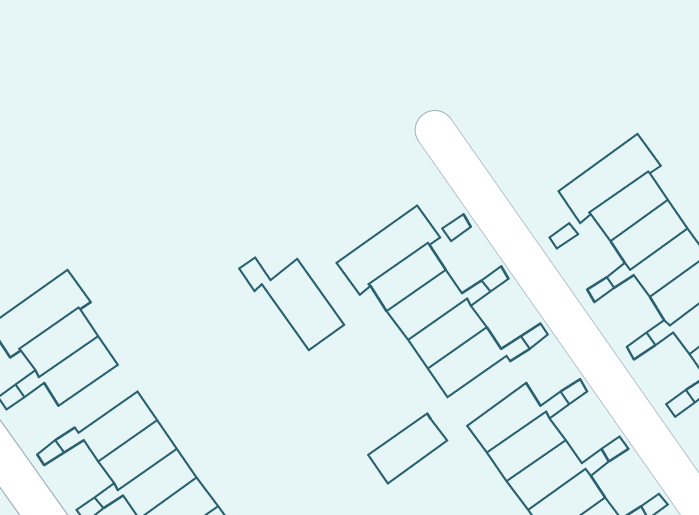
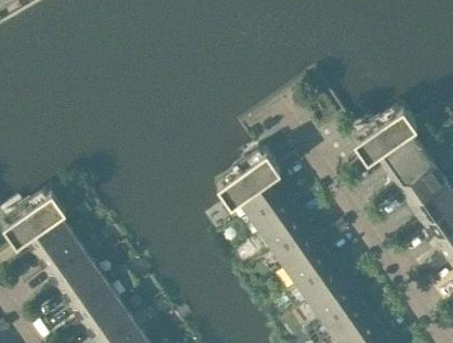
building: [239,258,344,350] -> none
building: none -> [43,247,91,289]
building: [368,414,447,484] -> [282,242,331,285]

